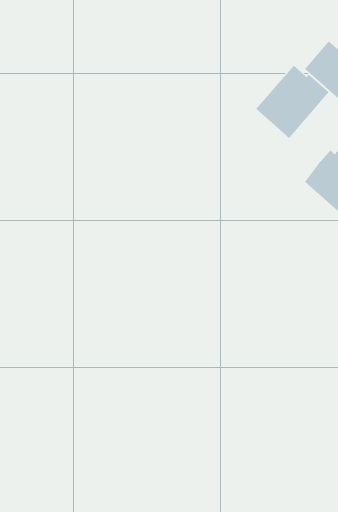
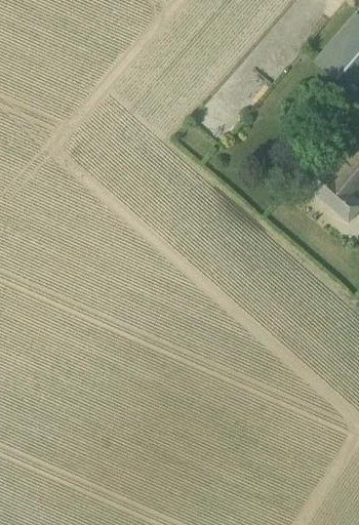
building: [256,65,330,139] -> none

